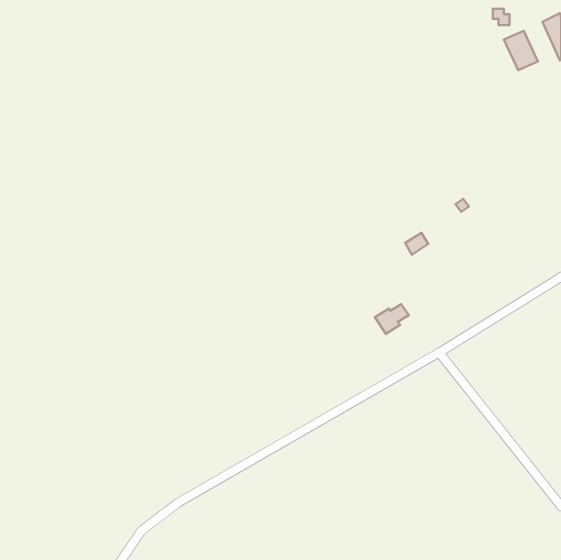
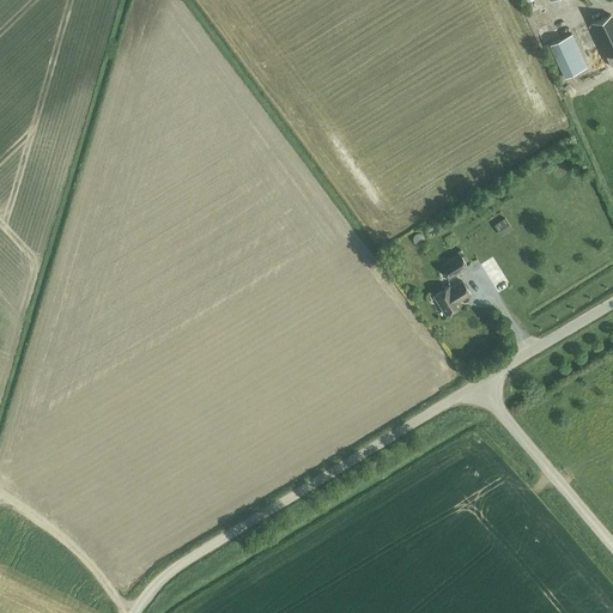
building: [375,304,409,334] -> [433,283,471,315]

